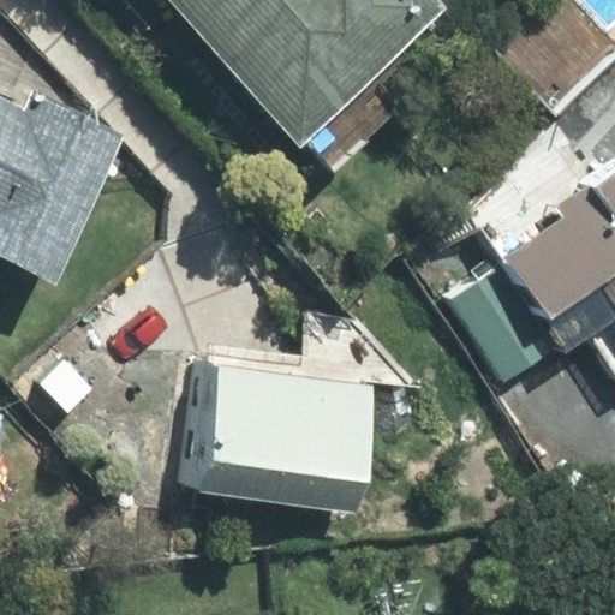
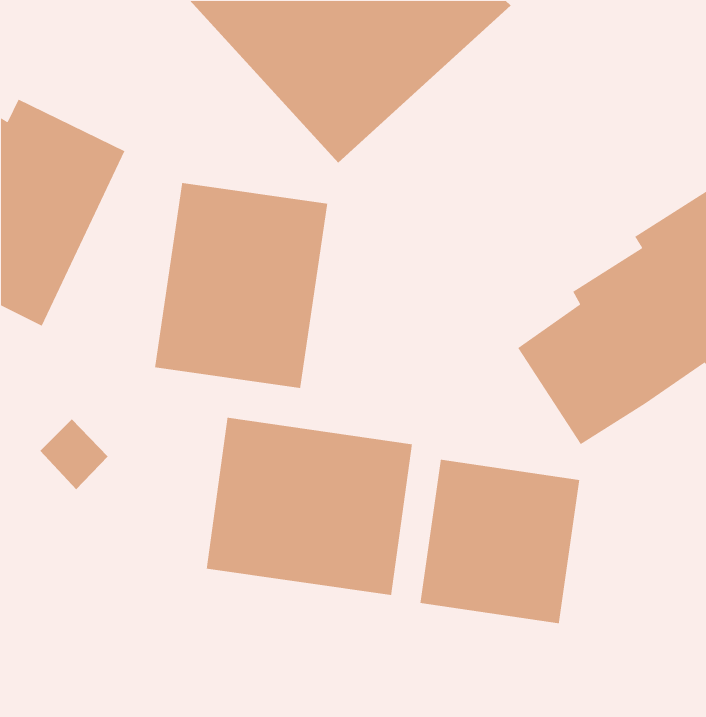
building: none -> [154,182,328,389]
building: none -> [419,459,580,624]

